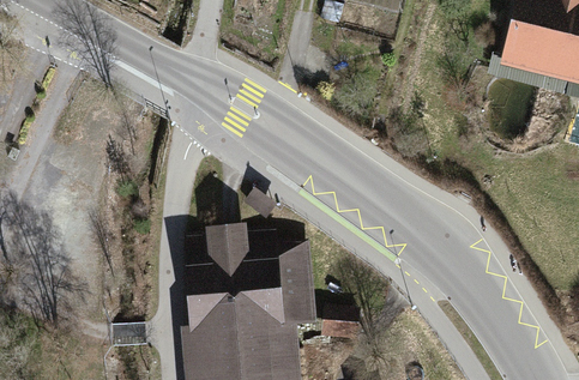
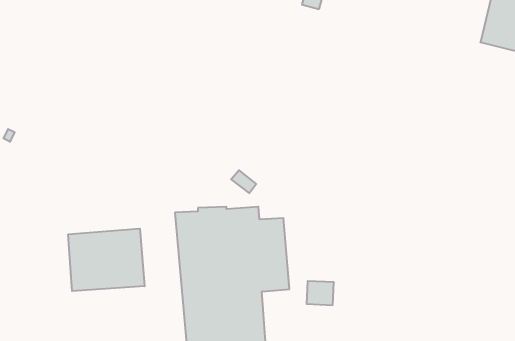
building: none -> [68,229,145,291]

